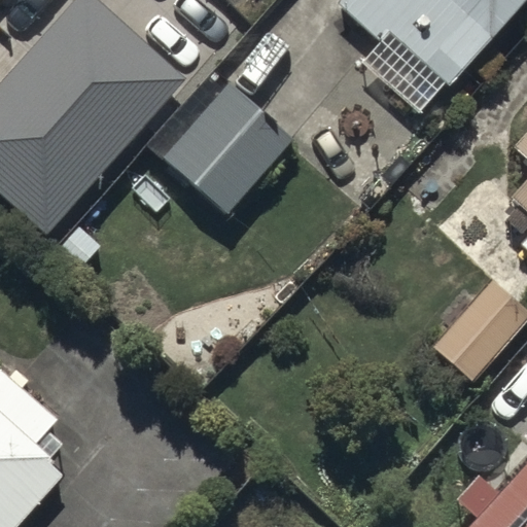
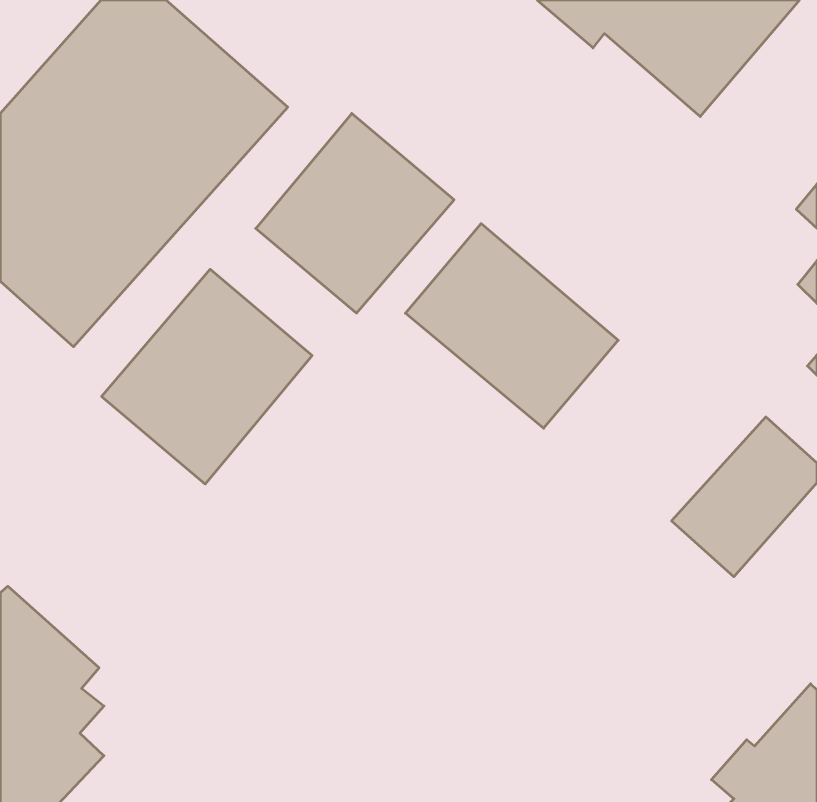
building: none -> [405,224,618,428]
building: none -> [102,269,312,484]

